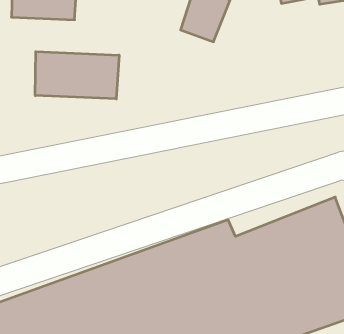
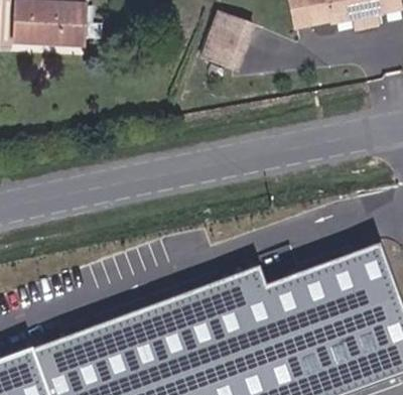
building: [35,52,119,99] -> none

